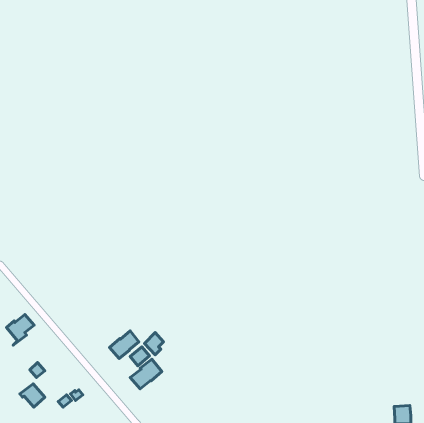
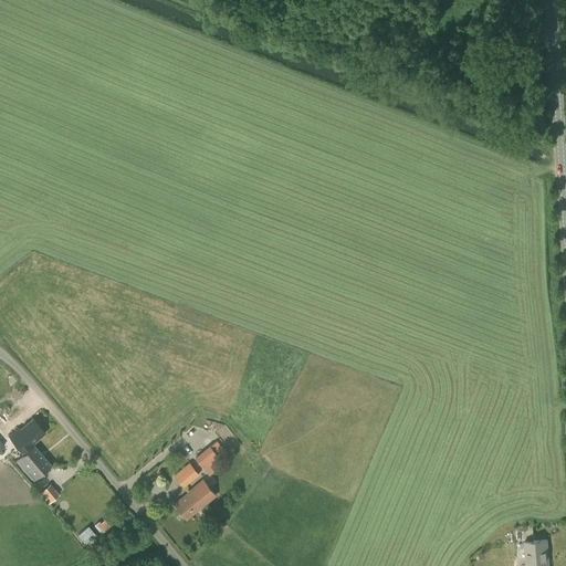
building: [110,331,139,359] -> none
building: [20,384,45,407] -> [18,448,51,479]

